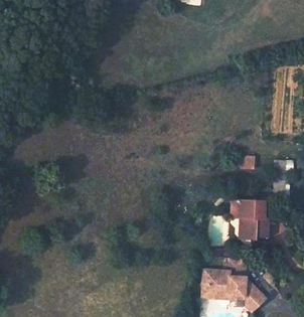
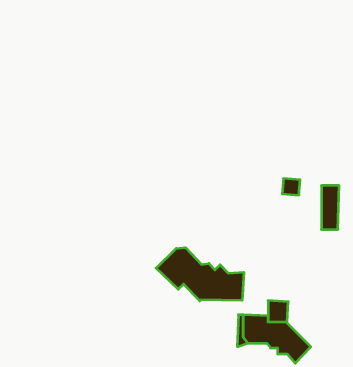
building: [231,200,268,241] -> none
building: none -> [156,248,244,301]

